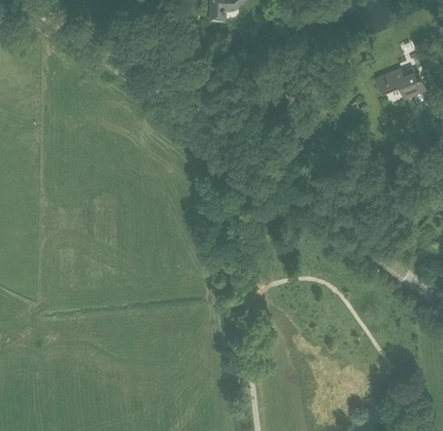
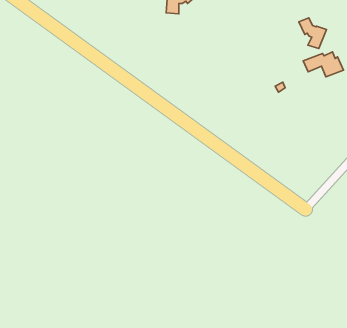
building: none -> [299,18,326,49]

